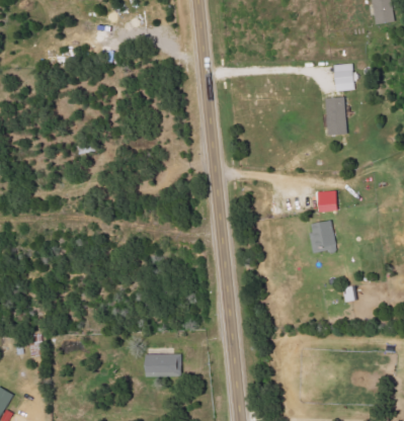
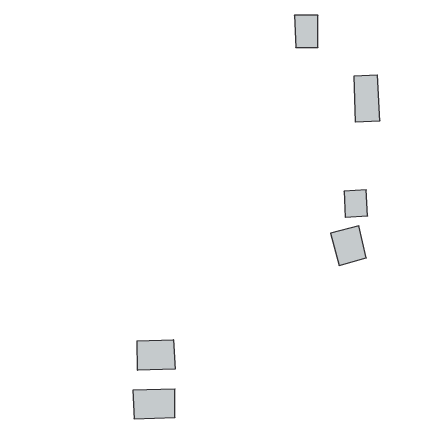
building: [334,64,353,90] -> [294,15,318,47]
building: none -> [137,340,175,370]

